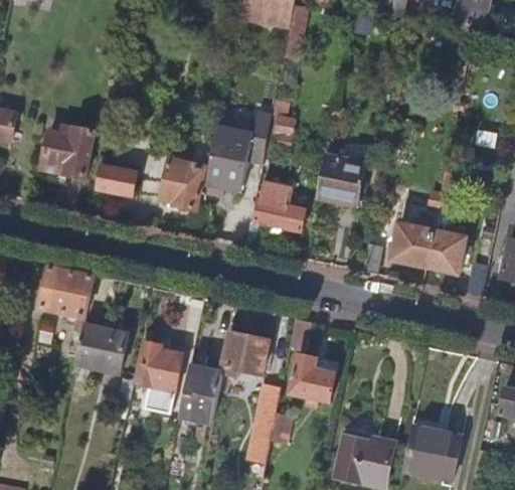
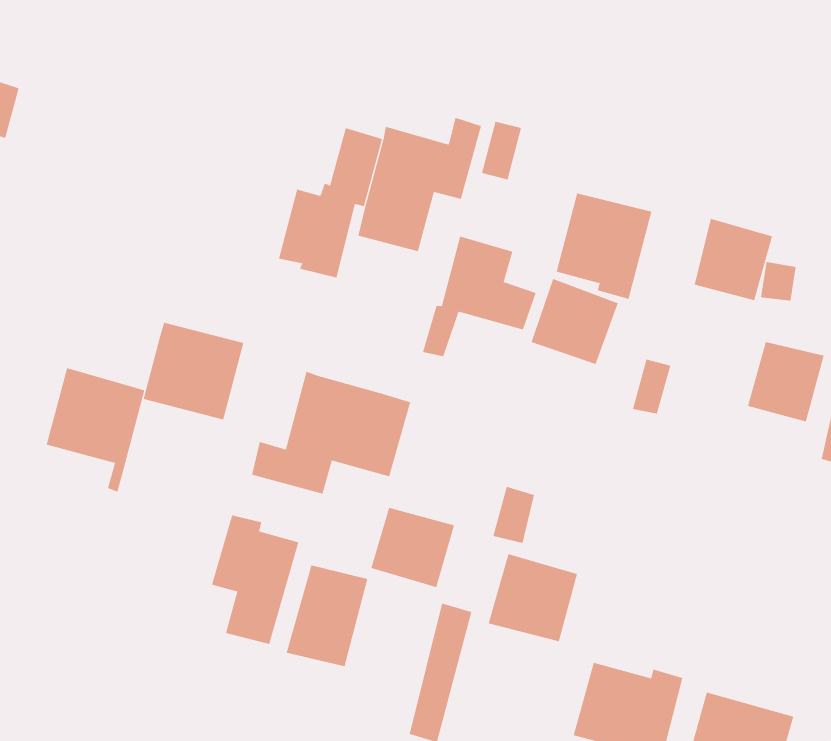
building: [41,124,95,177] -> none
building: [97,165,136,195] -> none
building: none -> [531,278,618,365]
building: [391,221,434,266] -> [694,218,773,301]
building: none -> [252,371,411,494]
building: [73,323,128,375] -> [143,322,244,420]

